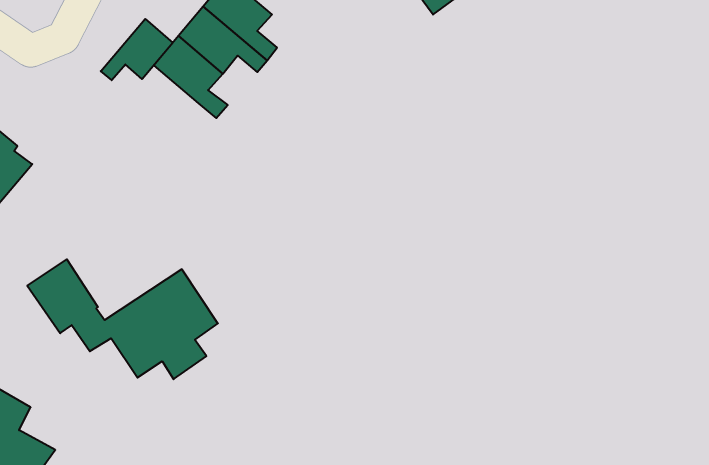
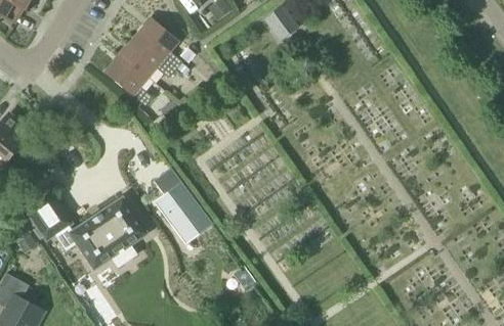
building: [101,19,173,80] -> none
building: none -> [153,168,212,244]

